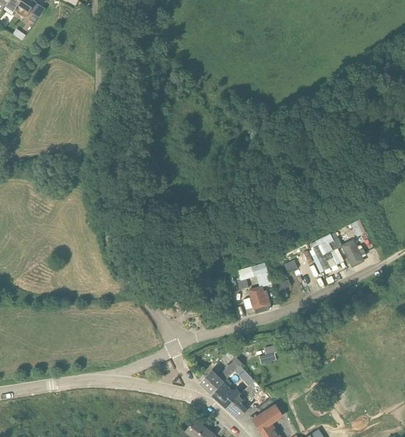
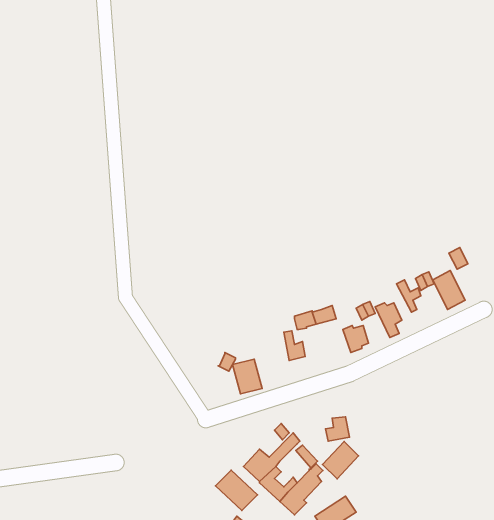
building: [248,284,270,310] -> [233,359,262,394]
building: none -> [322,441,359,479]
building: none -> [216,470,257,511]

